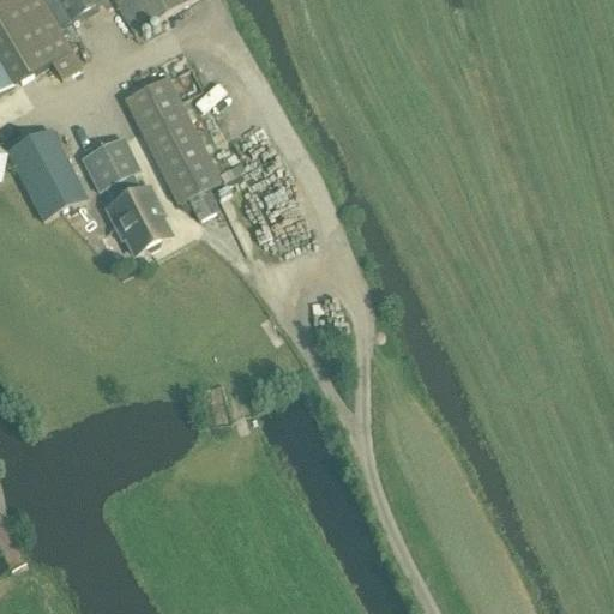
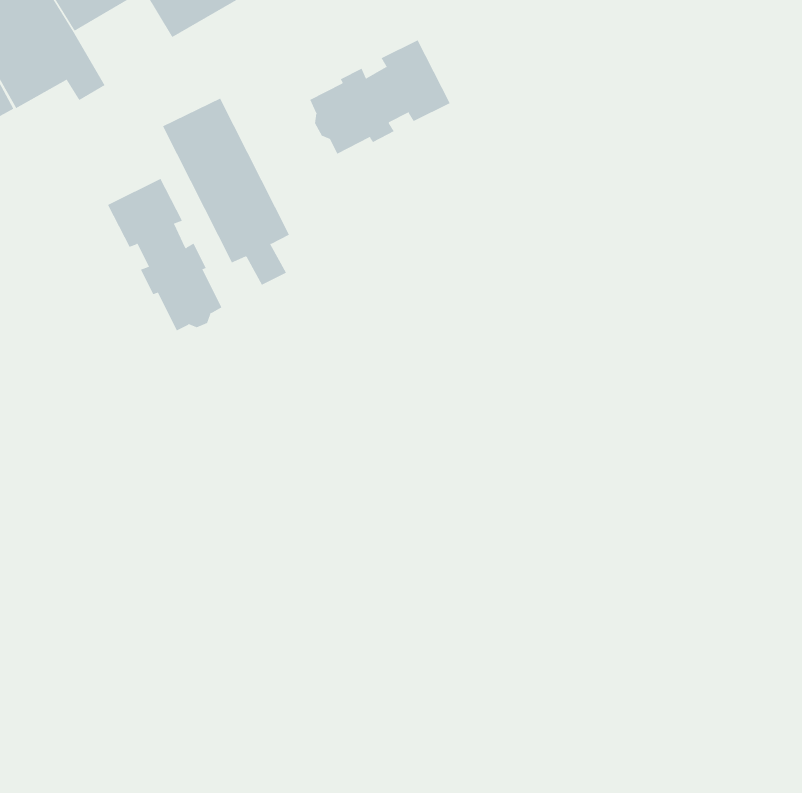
building: none -> [310,40,451,155]
building: [6,126,86,218] -> none

